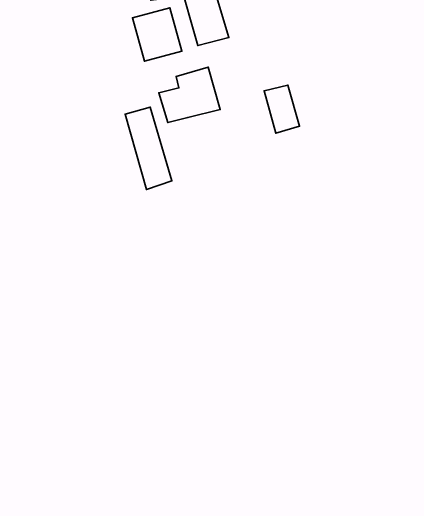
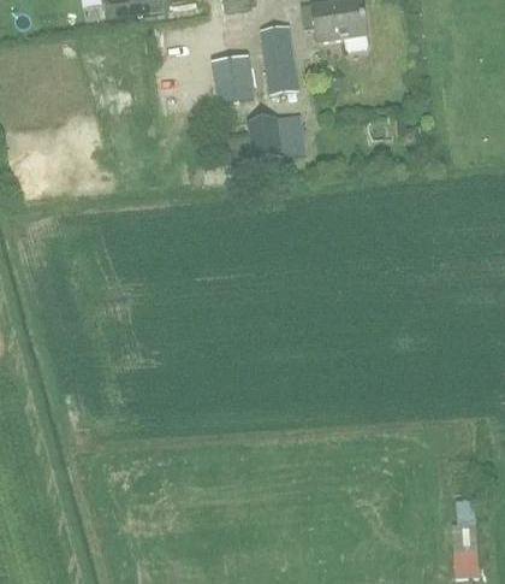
building: [264,85,300,133] -> [277,112,305,155]
building: [125,107,172,190] -> none

